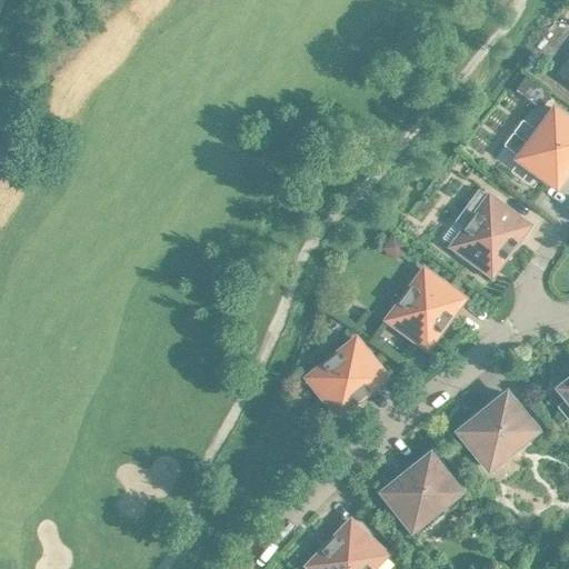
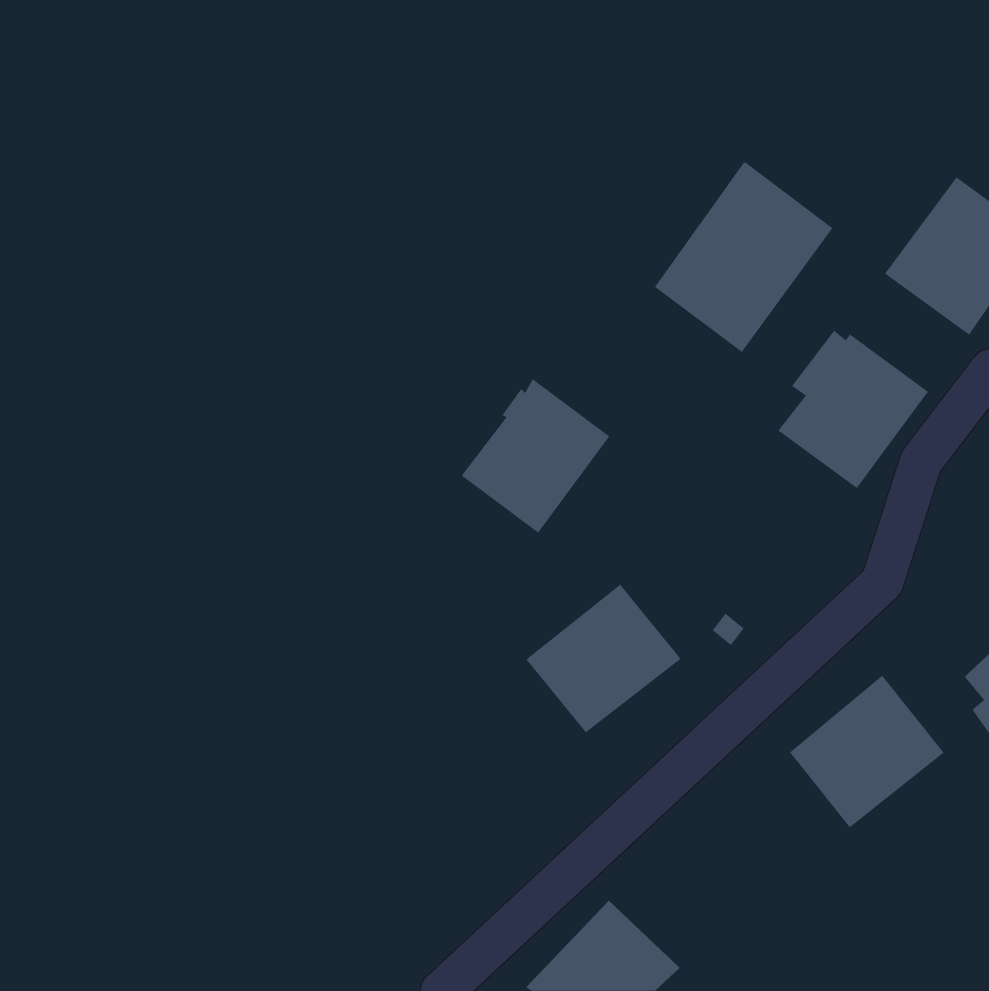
building: none -> [654,162,833,353]
building: [382,264,468,353] -> [461,378,610,534]
building: [377,448,466,537] -> none

